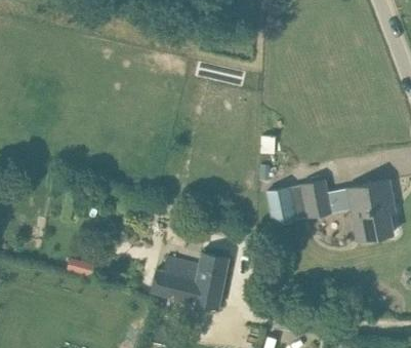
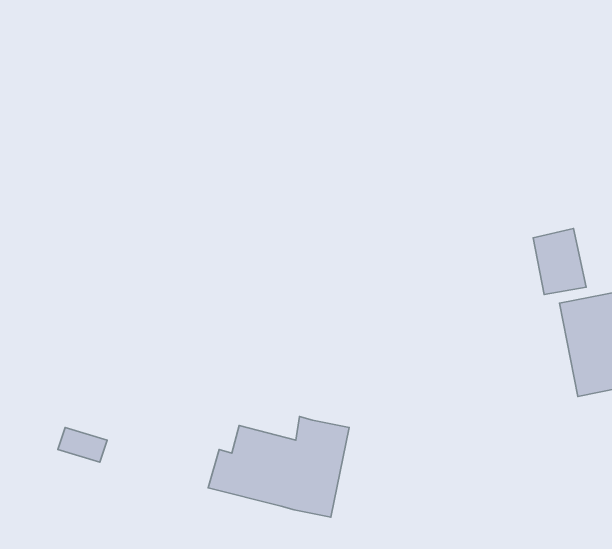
building: [301,181,331,218] -> [533,229,586,294]
building: [264,186,295,226] -> none

